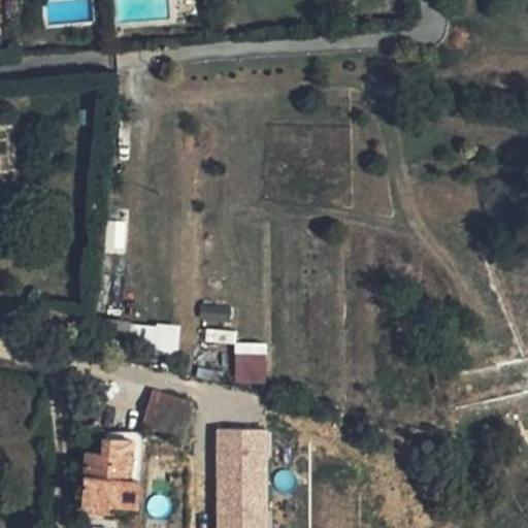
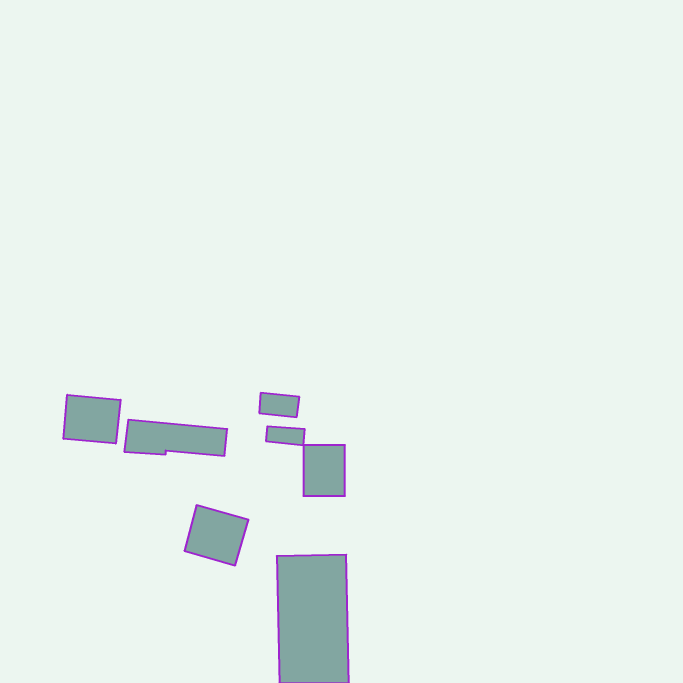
building: none -> [64,395,121,444]
building: [82,438,139,513] -> none

